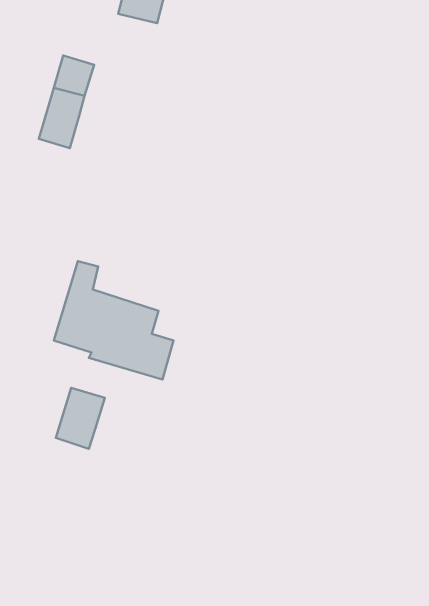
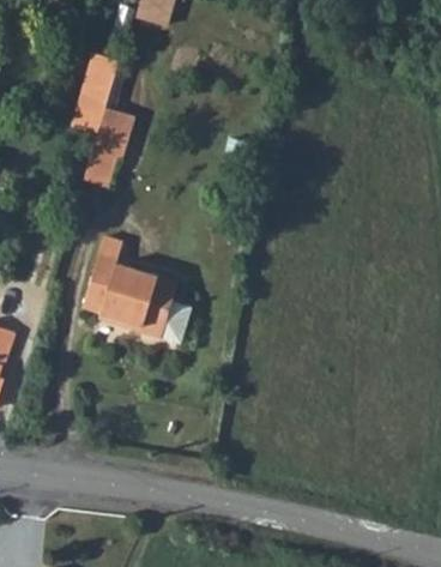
building: none -> [83,108,135,187]
building: [56,388,105,449] -> none

